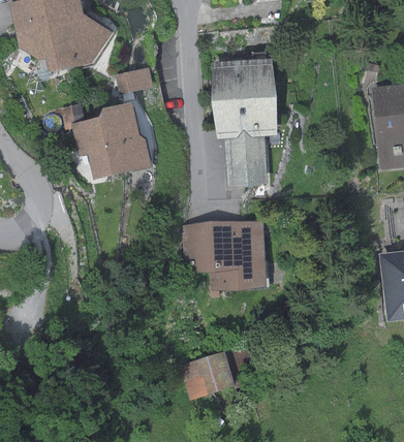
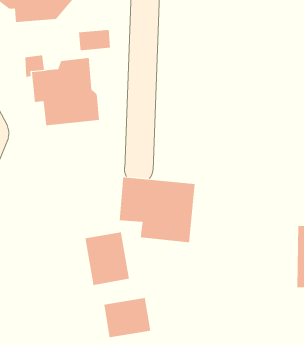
building: [211,58,277,186] -> none
building: none -> [85,231,129,286]

